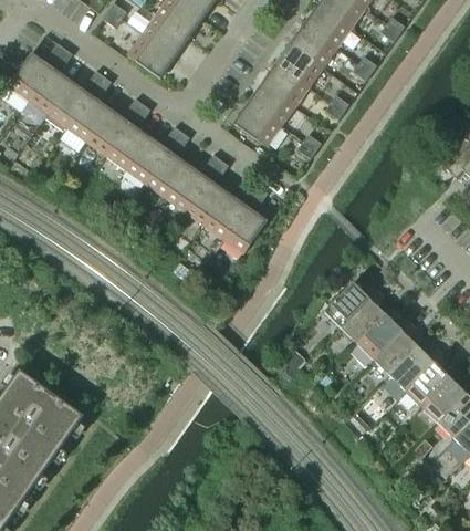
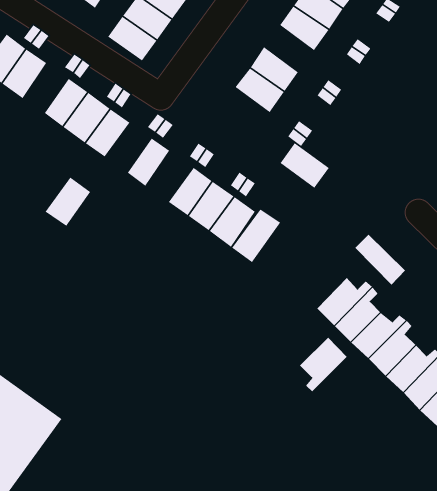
building: [274,44,322,88] -> none
building: [46,80,90,127] -> none
building: [232,103,280,147] -> [279,142,330,189]
building: [124,136,168,184] -> [44,177,91,227]
building: [163,163,208,211] -> none
building: none -> [231,208,281,263]
building: none -> [355,234,406,285]
building: none -> [299,337,347,392]

